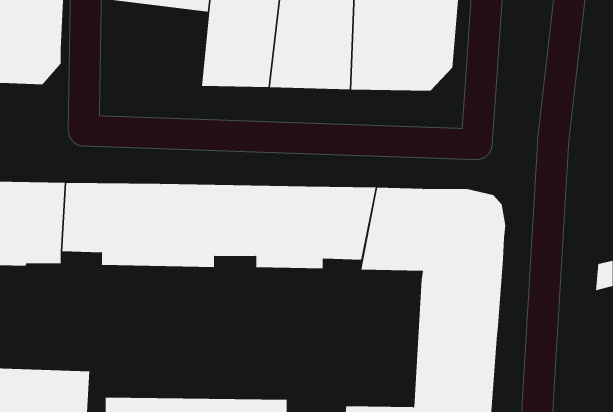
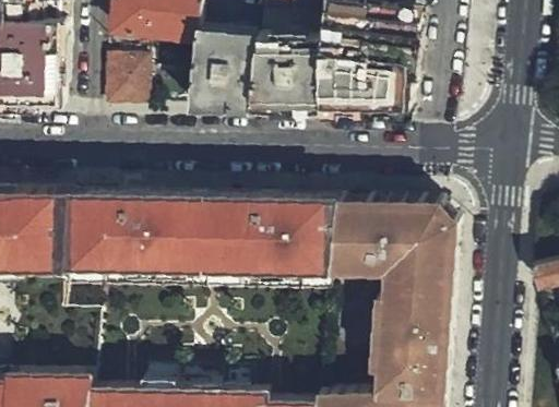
building: none -> [95,63,143,111]

